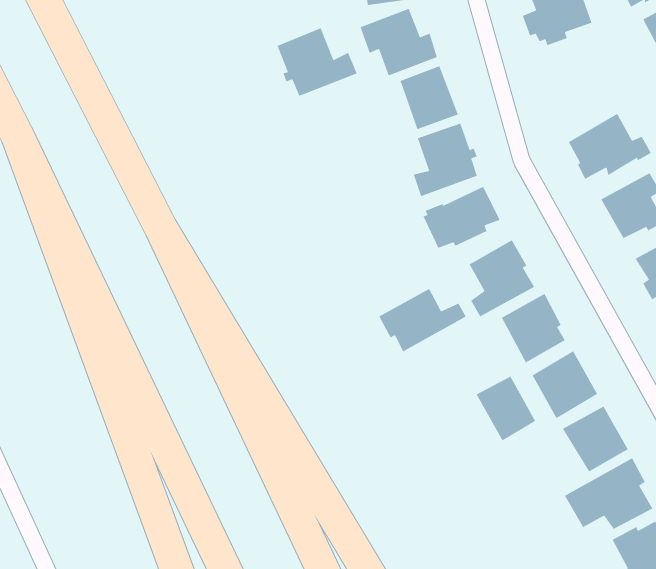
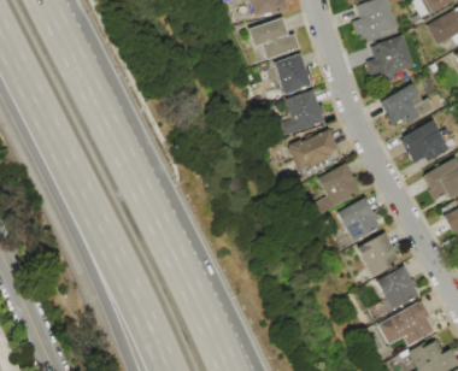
building: [277,27,358,97] -> none
building: none -> [366,35,412,87]
building: [378,288,467,353] -> none
building: [475,375,536,442] -> none

